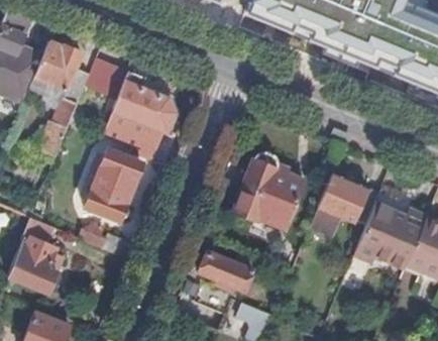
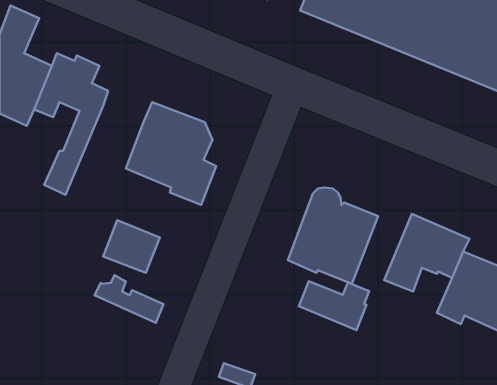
building: [85,60,128,100] -> none
building: [96,150,141,193] -> none
building: [8,219,64,294] -> none
building: [198,252,254,292] -> [299,281,369,330]

